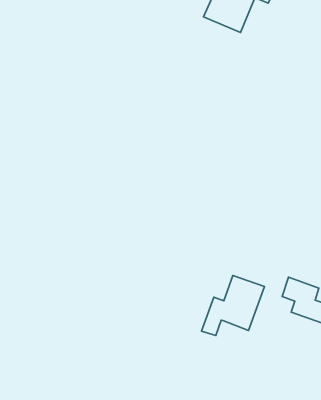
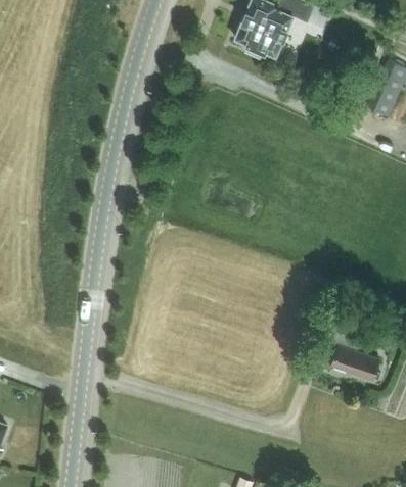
building: [201,275,265,335] -> none

